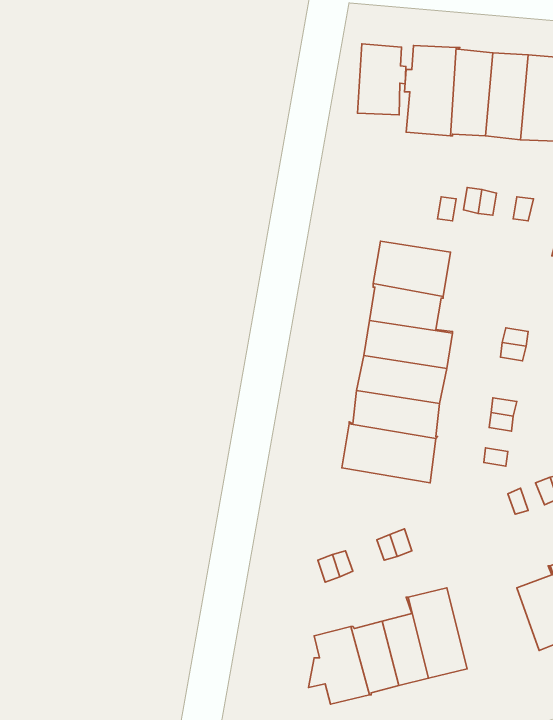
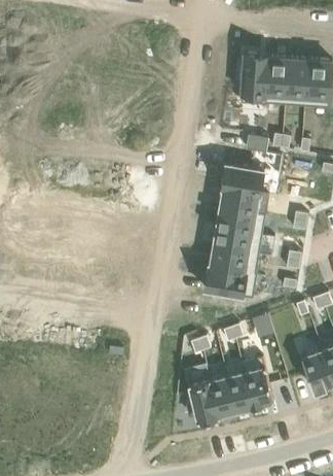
building: [357,44,406,115] -> none

